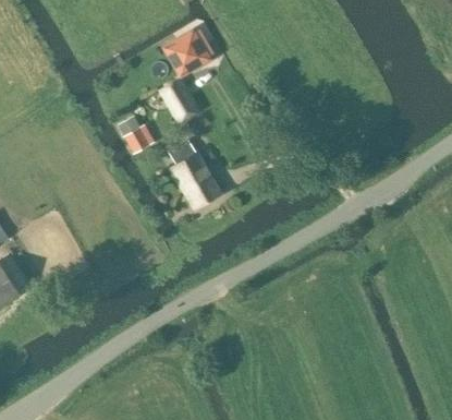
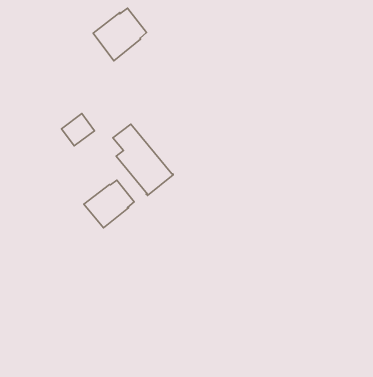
building: [158,77,193,116] -> none
building: none -> [84,180,134,228]

